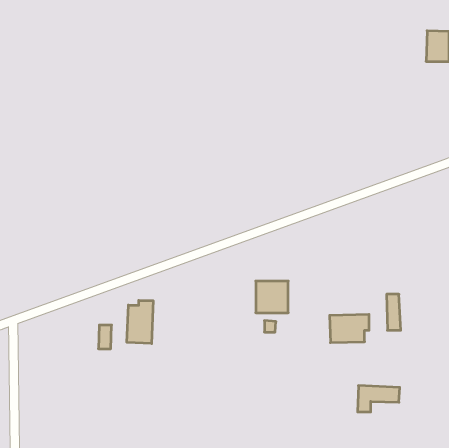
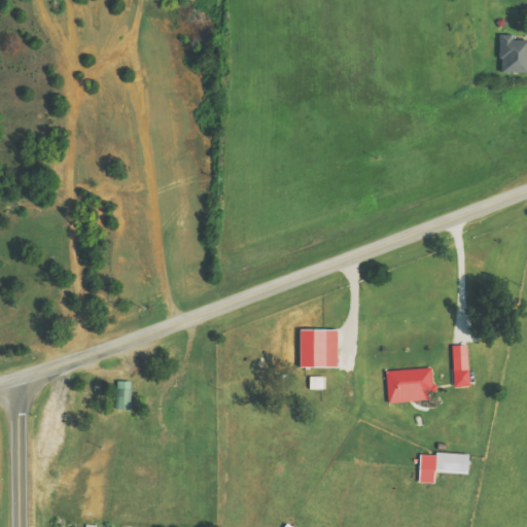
building: [127,300,153,344] -> none

